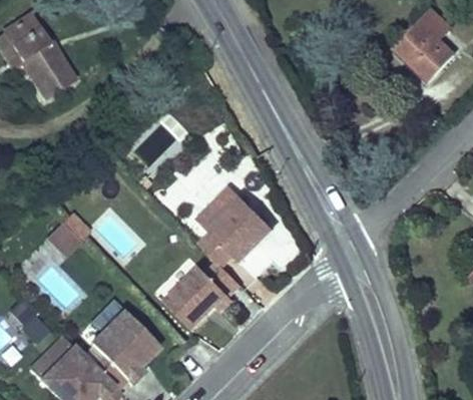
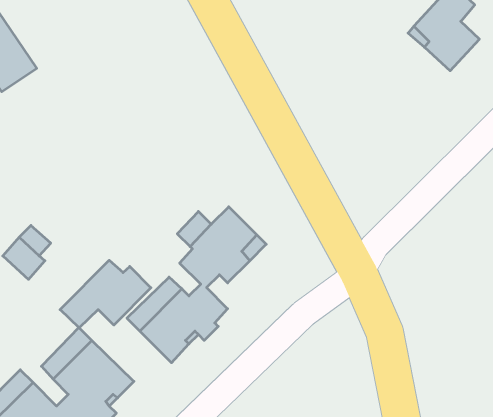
building: none -> [60,260,151,328]

